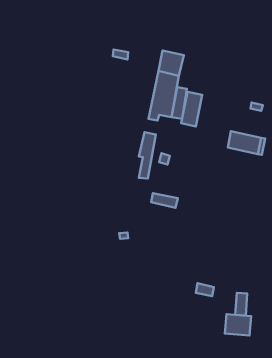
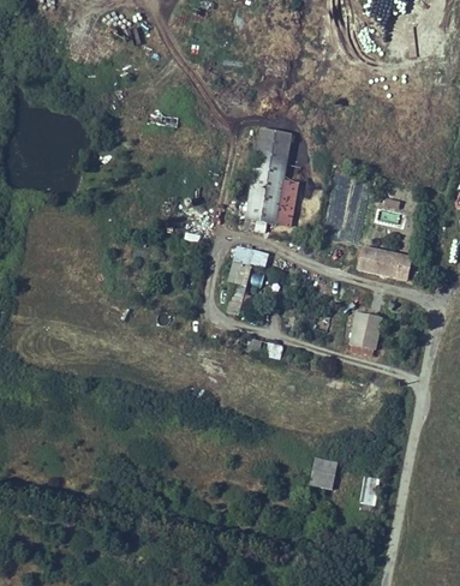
building: [181,92,202,127] -> none
building: none -> [350,309,383,349]
building: [225,314,251,335] -> none

